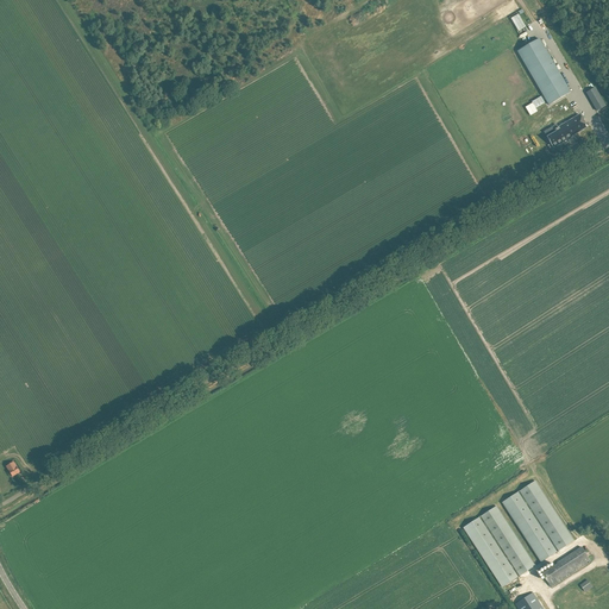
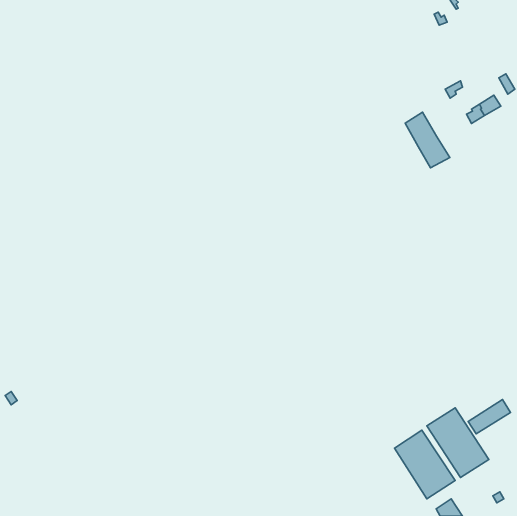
building: [519,38,571,103] -> [405,112,450,168]
building: [541,545,591,585] -> [468,399,511,434]

